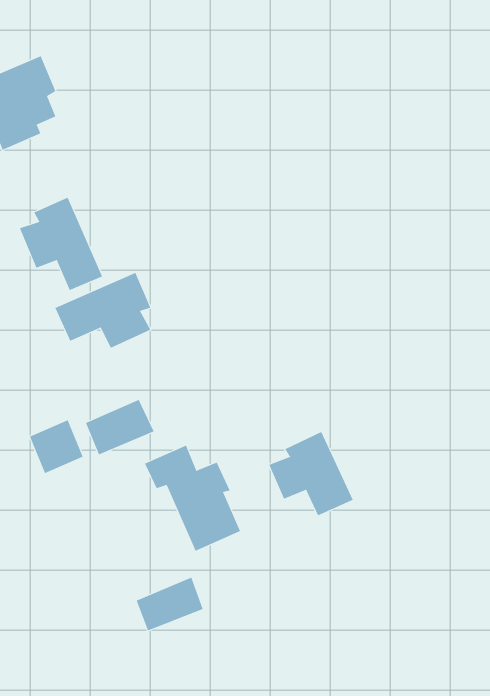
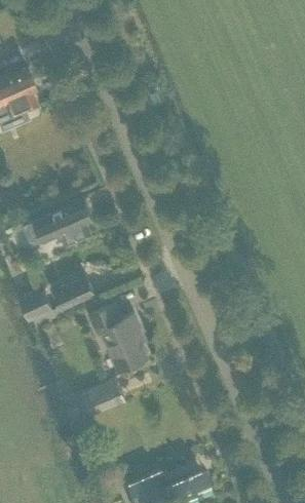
building: [19,197,103,291] -> none
building: [268,431,353,516] -> none

